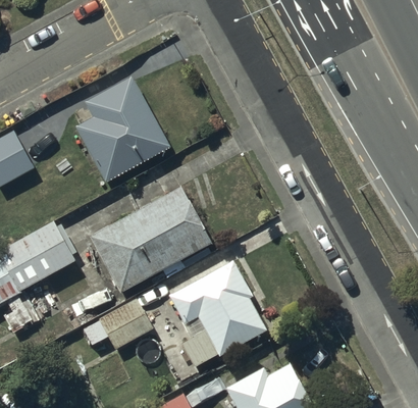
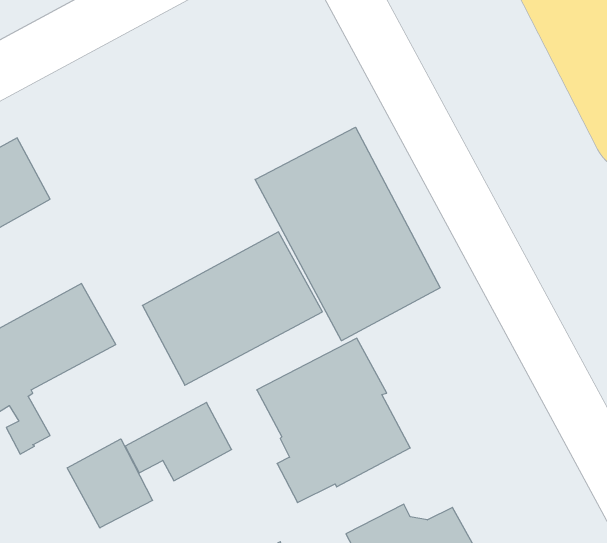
building: [75,76,169,181] -> none
building: none -> [255,127,440,341]
building: none -> [67,439,153,528]

